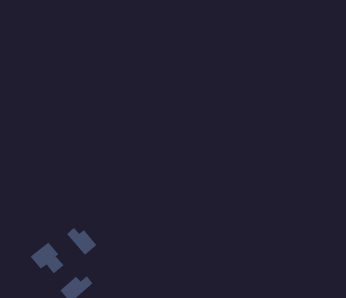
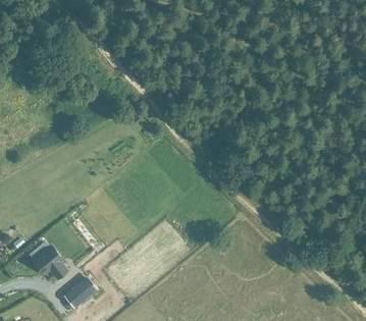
building: [66,226,97,256] -> none

